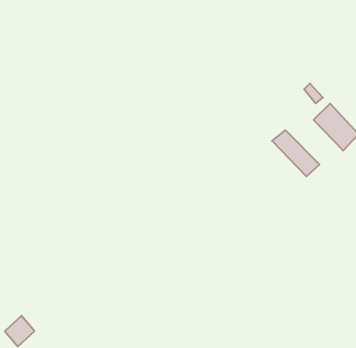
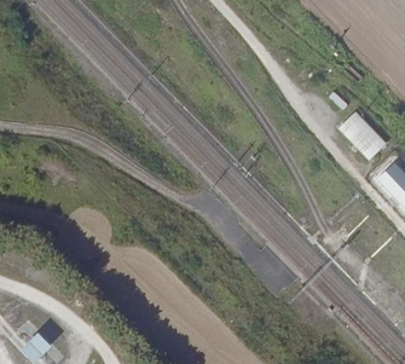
building: [272,130,319,176] -> none

